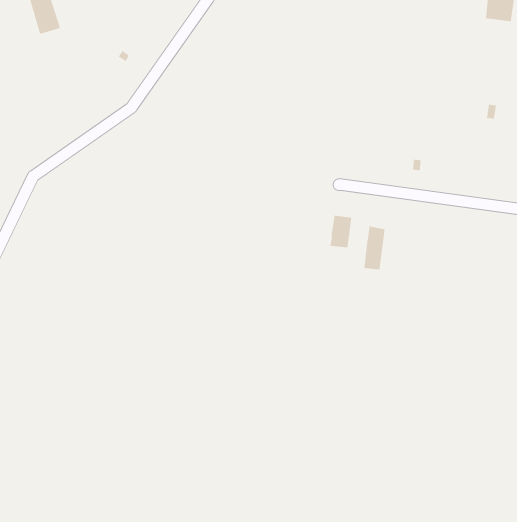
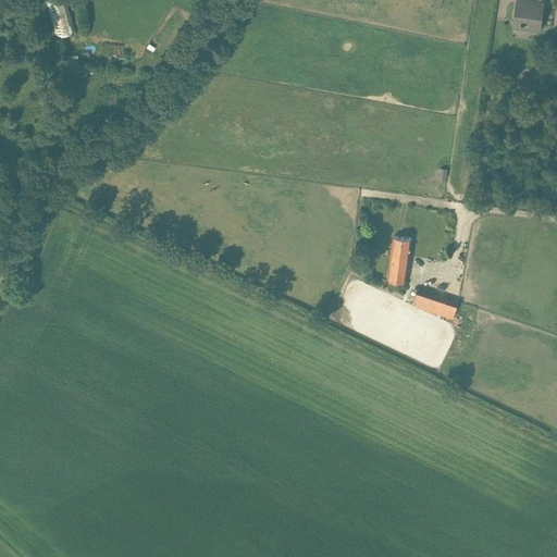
building: [330,215,352,248] -> none
building: none -> [410,292,457,321]

